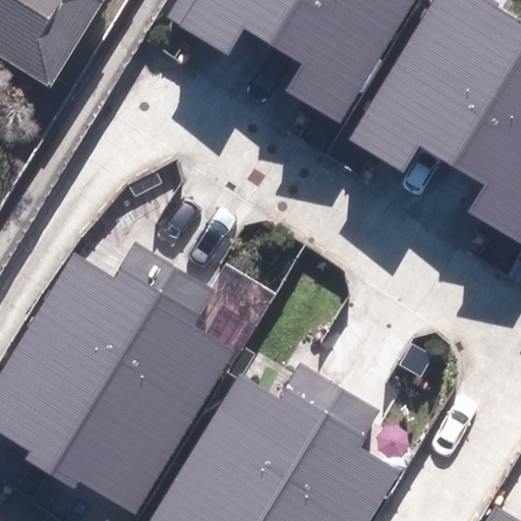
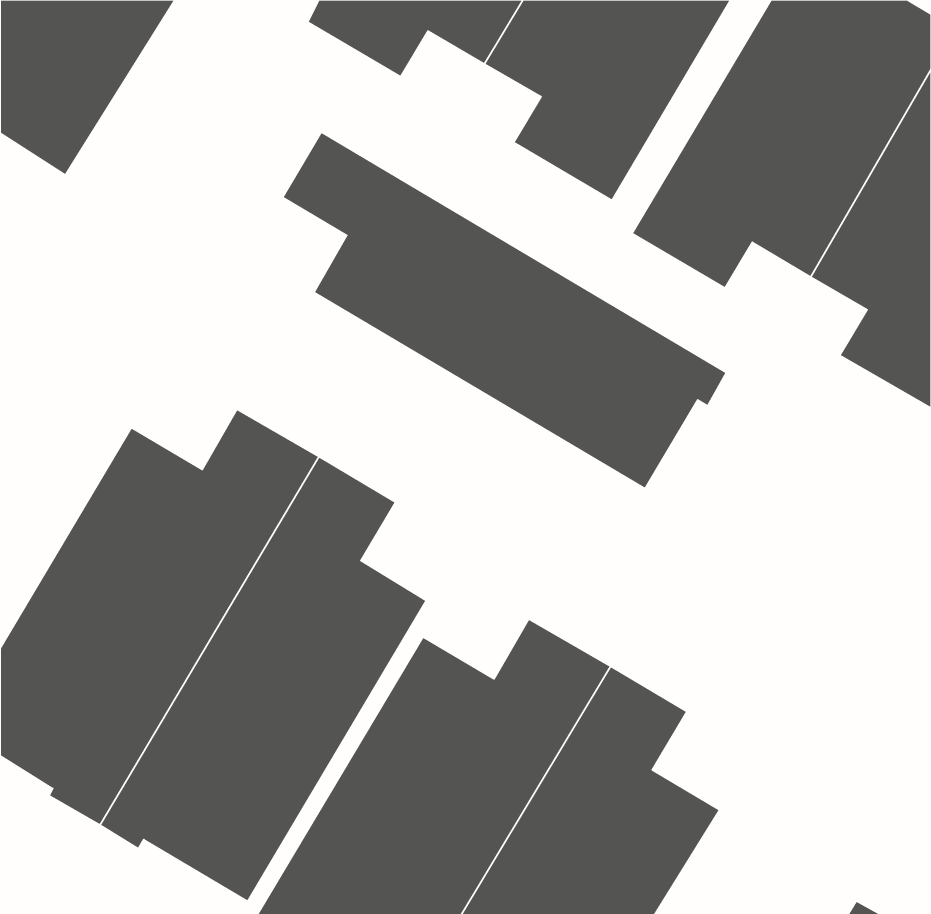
building: none -> [283,132,726,489]

